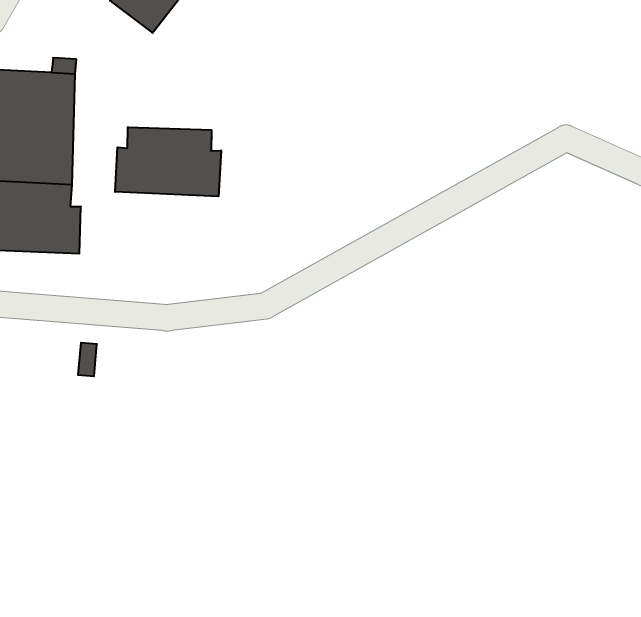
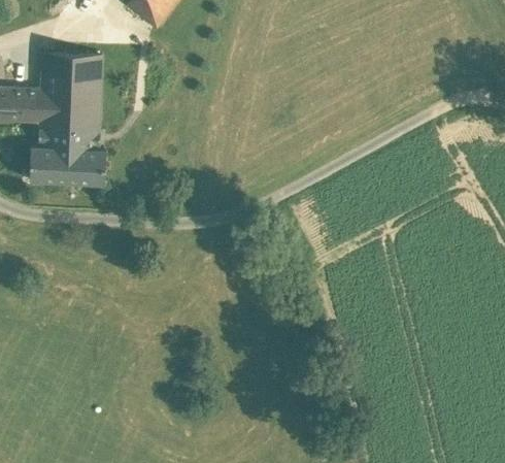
building: [115,127,221,196] -> none

